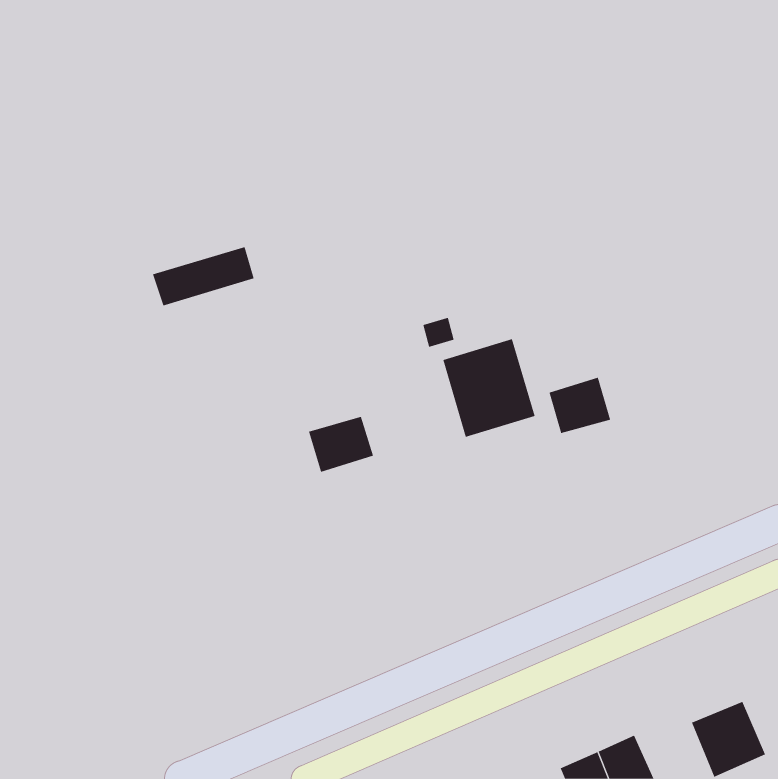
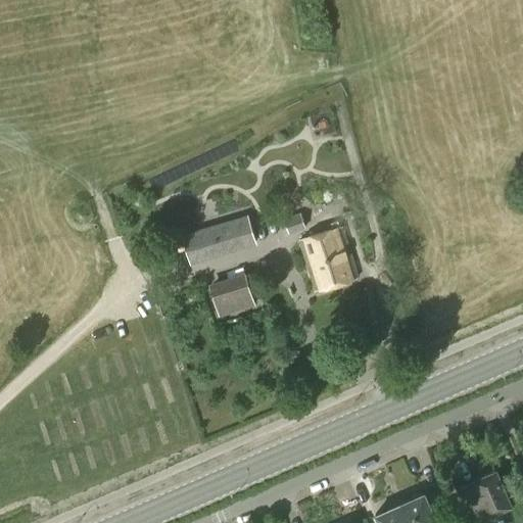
building: [152,247,254,306] -> [186,221,254,260]
building: [549,377,611,434] -> none

